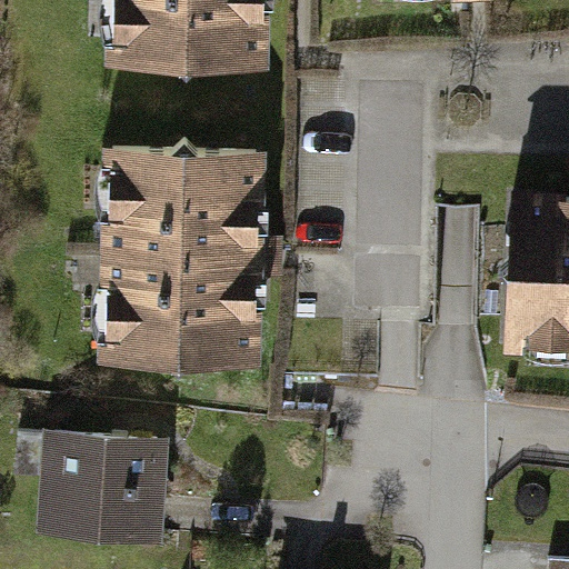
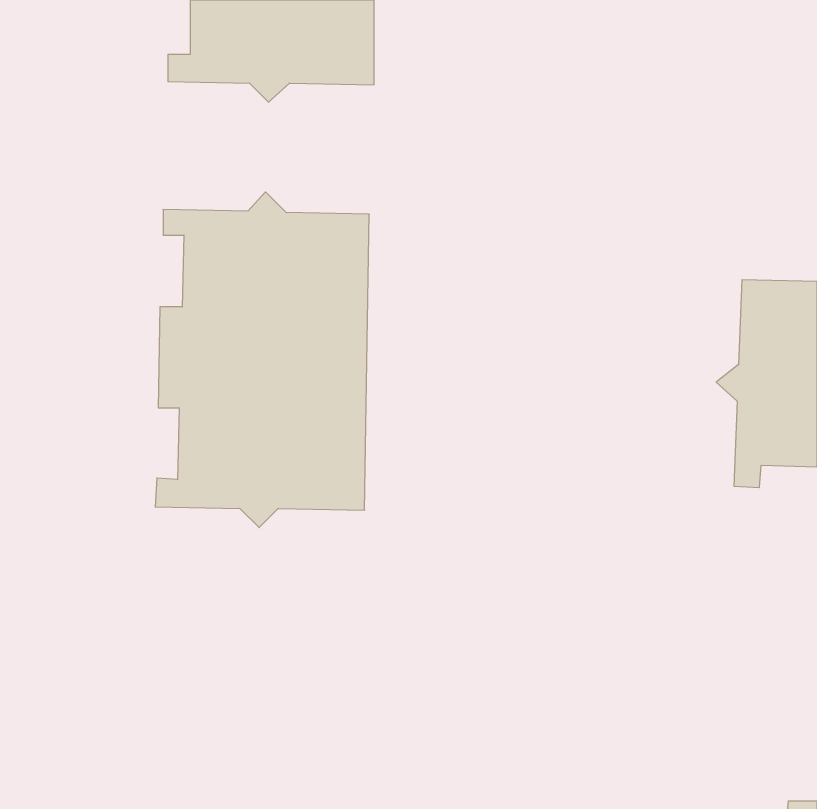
building: [49,436,157,540] -> none

